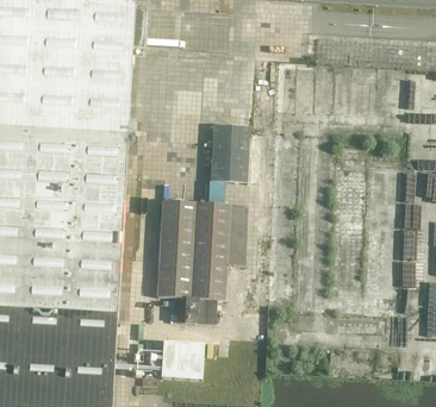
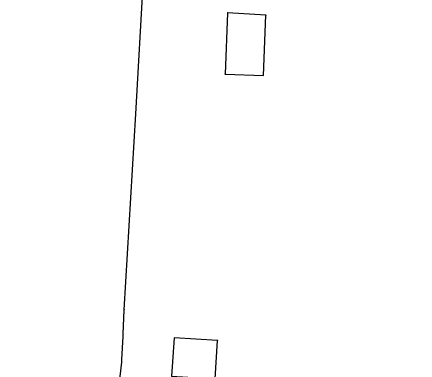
building: [211,121,249,180] -> [225,13,266,75]
building: [158,198,249,321] -> none

